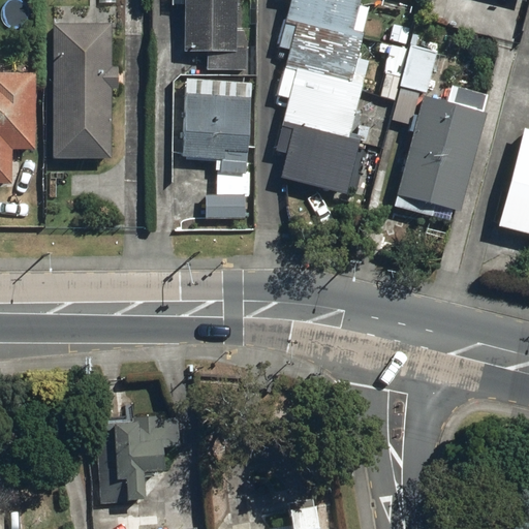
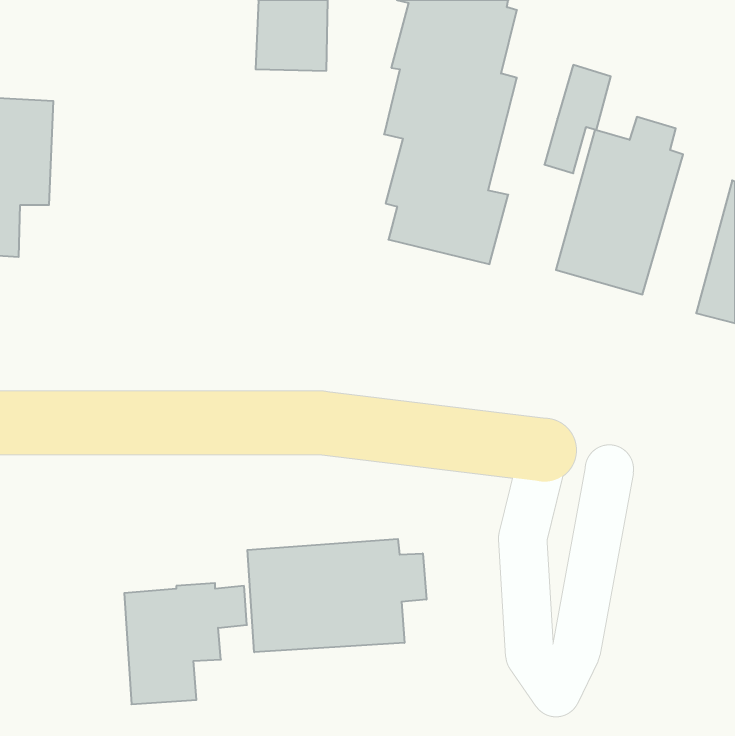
building: [54,15,121,159] -> none
building: [184,76,249,217] -> none
building: none -> [247,539,426,652]

